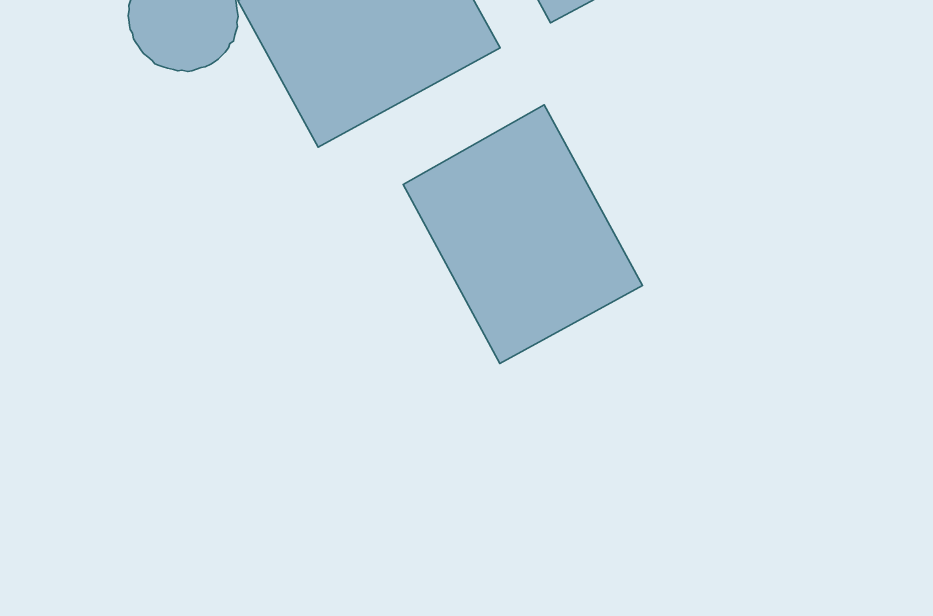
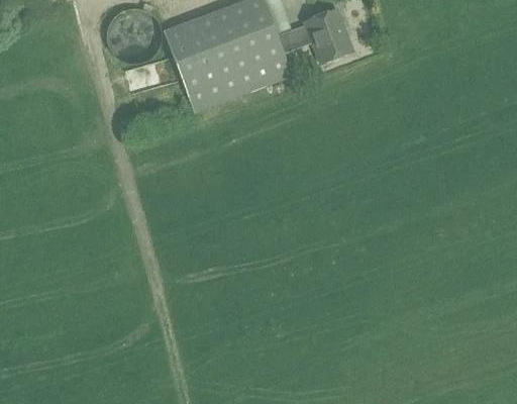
building: [403,105,642,363] -> none

